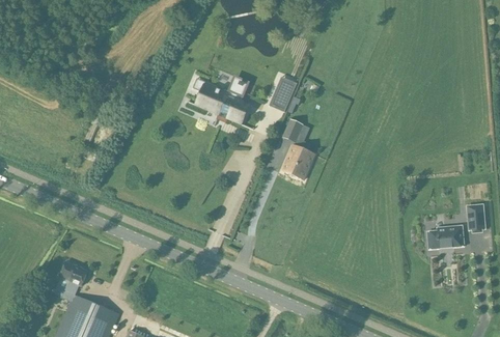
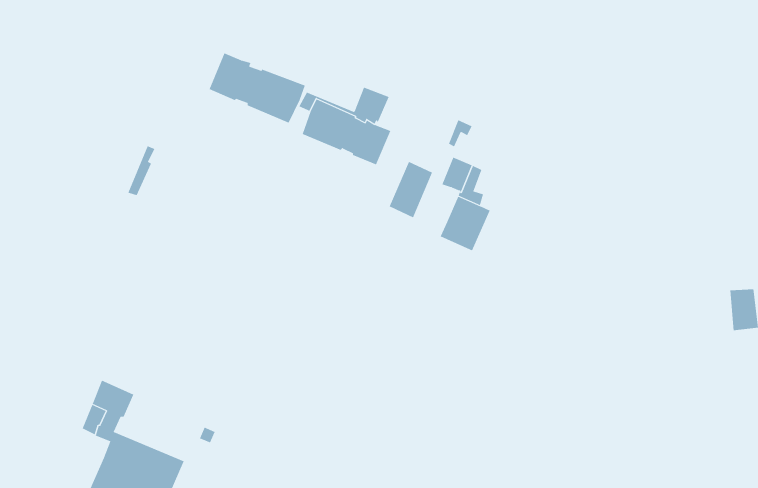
building: none -> [209,52,305,124]
building: [269,76,297,112] -> [389,161,433,218]
building: [427,225,464,249] -> none

